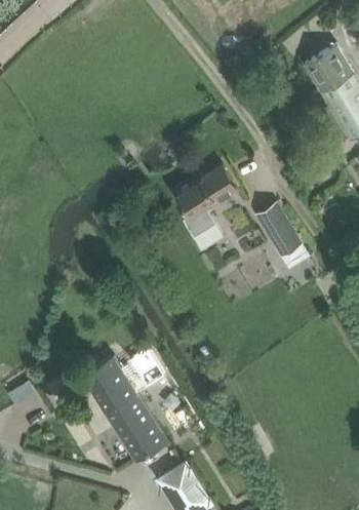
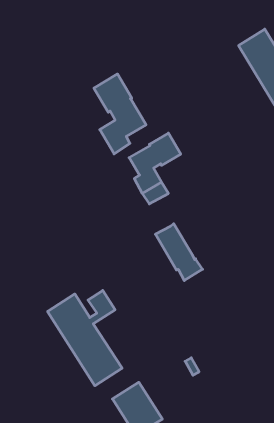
building: none -> [94,74,146,154]
building: [255,204,311,271] -> [155,224,203,281]

